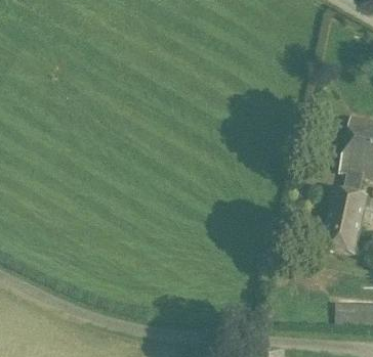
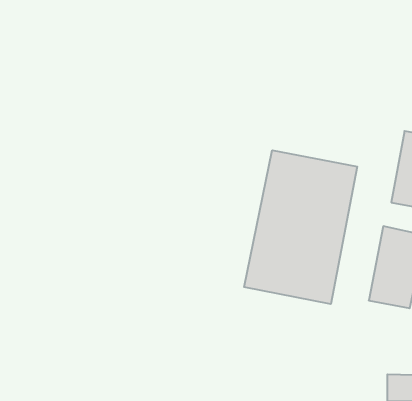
building: none -> [244,150,357,304]

